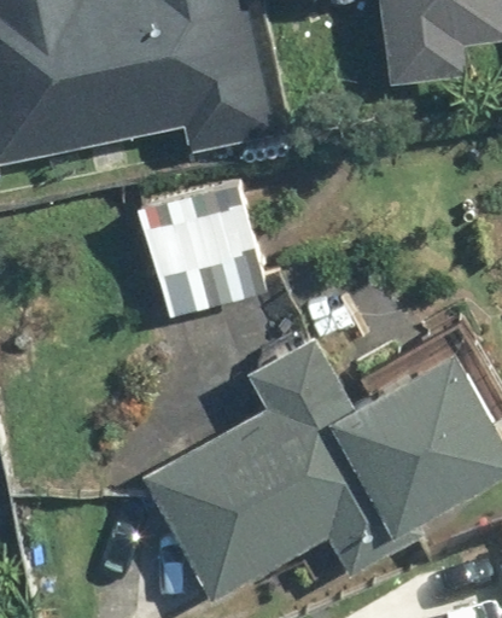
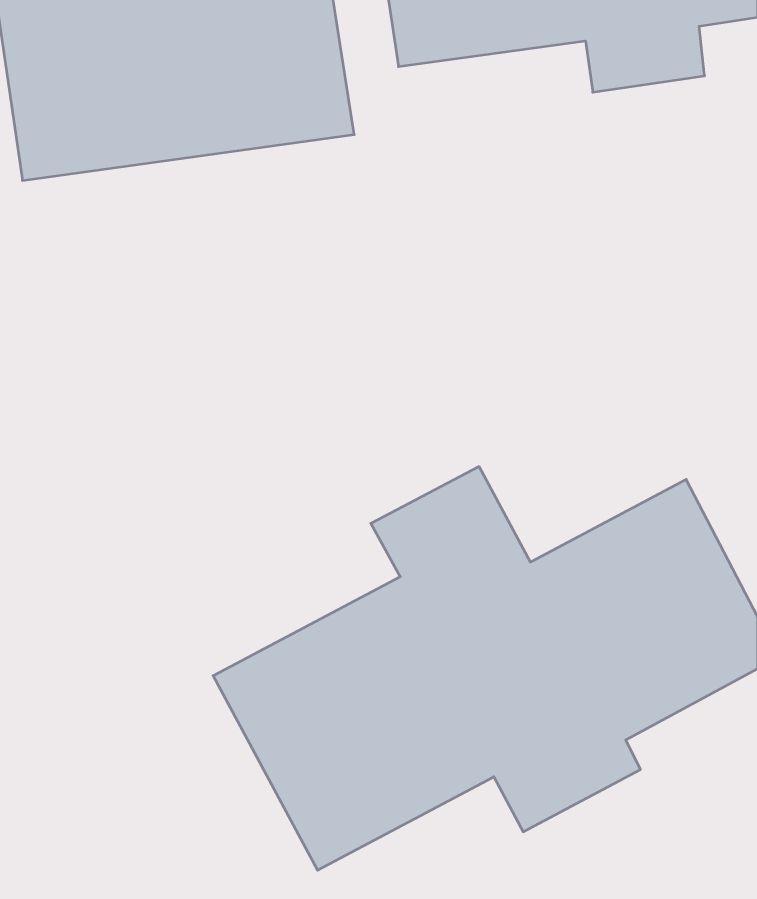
building: [134,176,263,310] -> none

